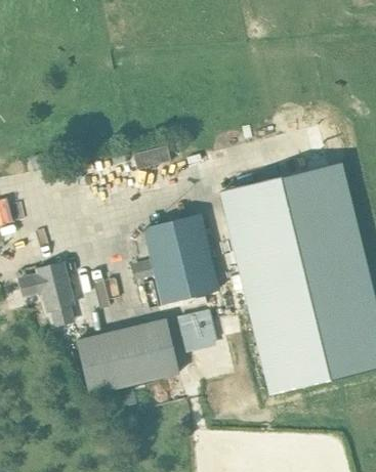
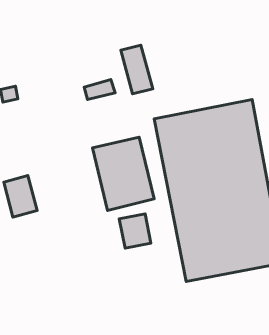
building: none -> [121,45,153,94]
building: [79,318,181,395] -> none

